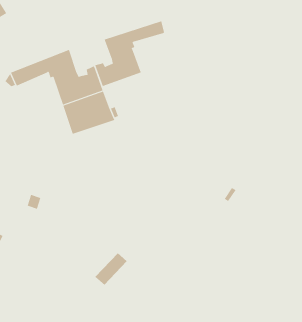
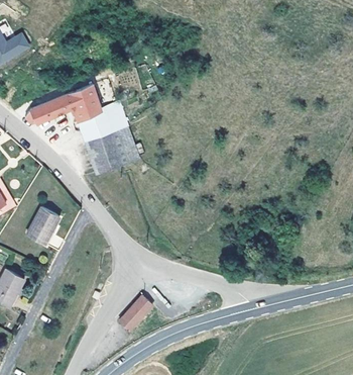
building: [94,21,164,87] -> none
building: none -> [27,206,61,243]

